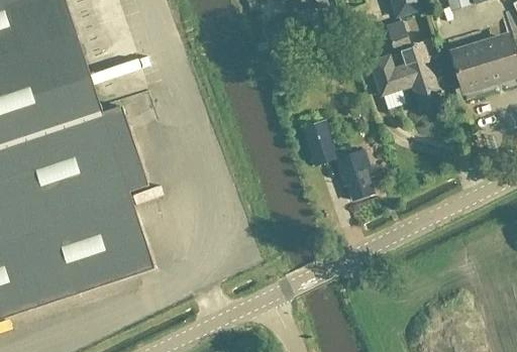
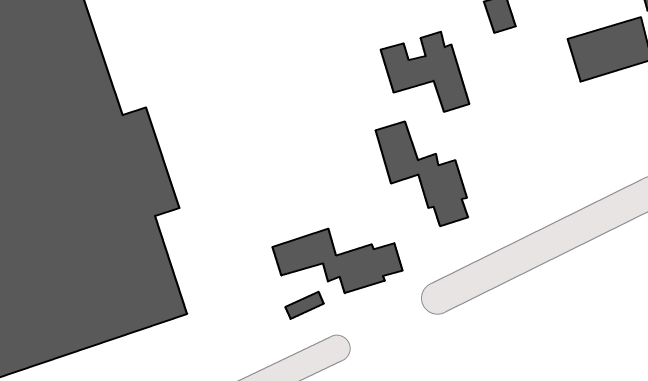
building: [370,46,439,109] -> [381,32,469,112]
building: none -> [272,229,403,293]

